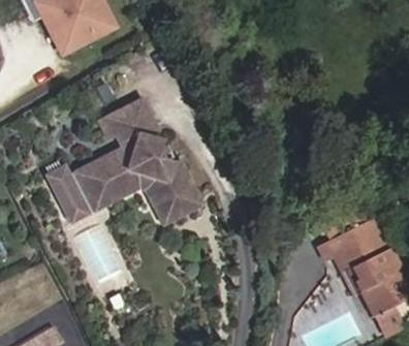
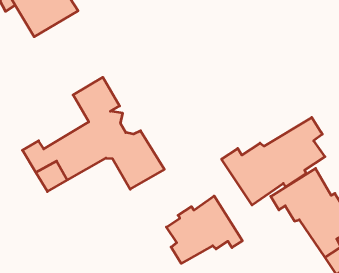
building: none -> [222,117,325,205]
building: none -> [166,196,242,263]

